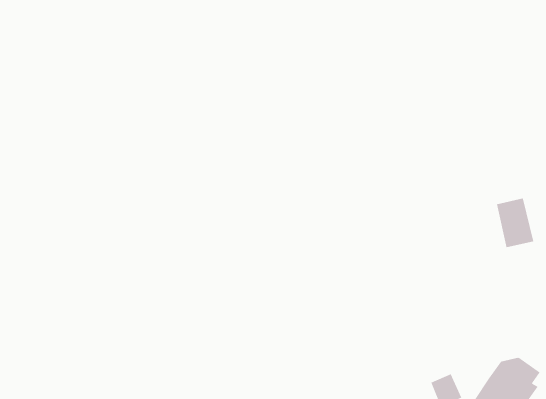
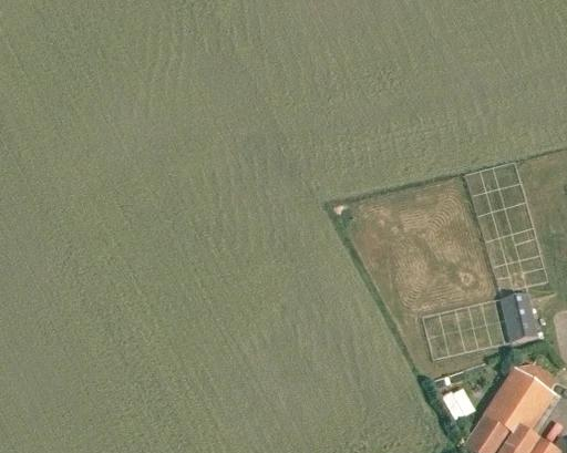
building: [496,198,534,248] -> [501,289,539,340]

